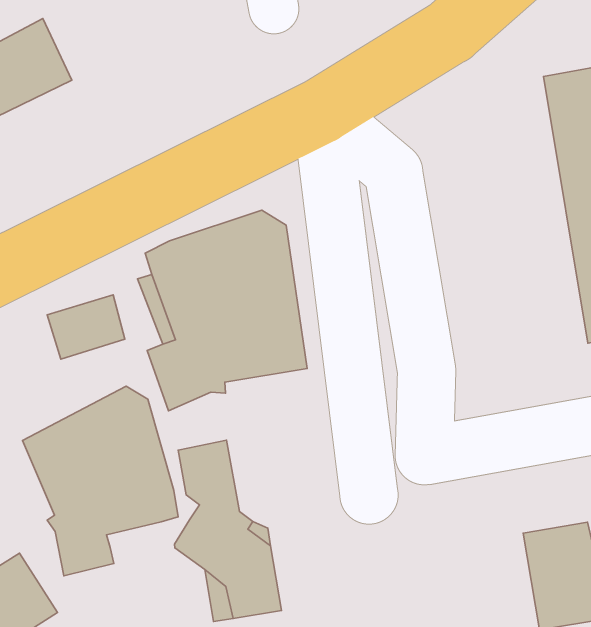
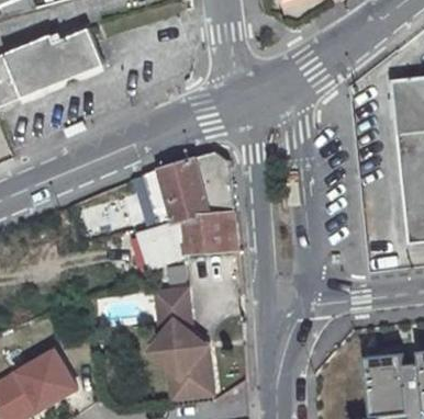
building: [23,386,178,576] -> none

